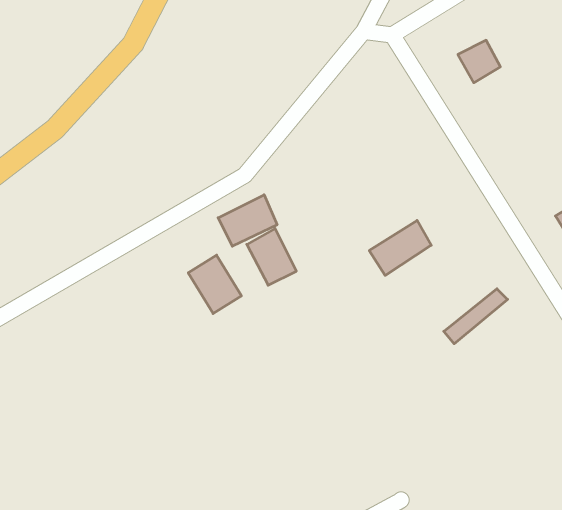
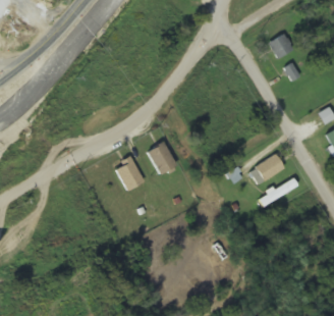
building: [218,195,277,246] -> none
building: [369,220,431,275] -> [248,154,284,186]

